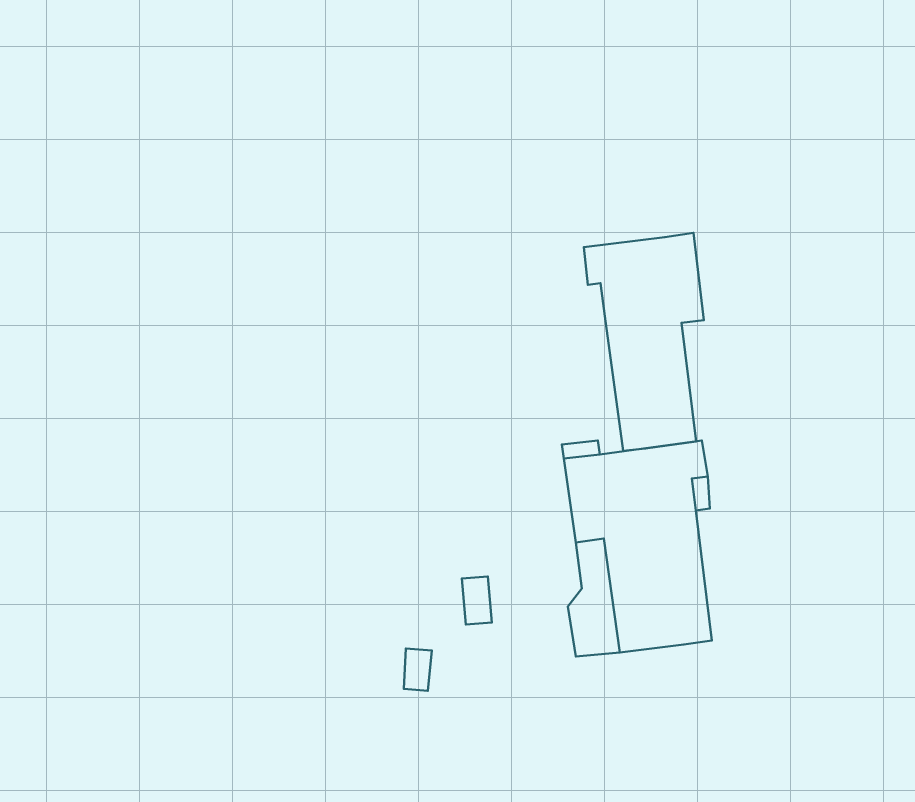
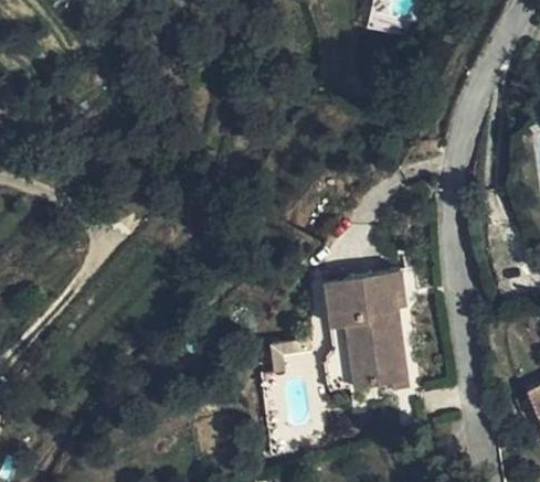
building: [584,233,704,451] -> none

